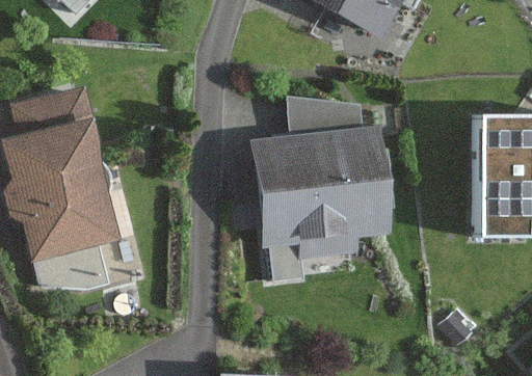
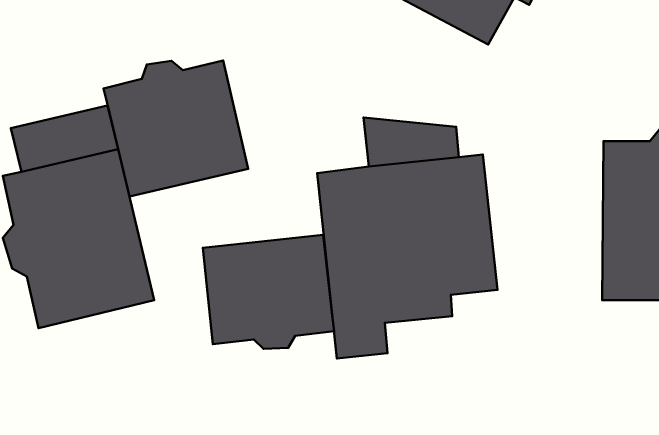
building: none -> [104,60,248,197]
building: none -> [203,235,334,349]

